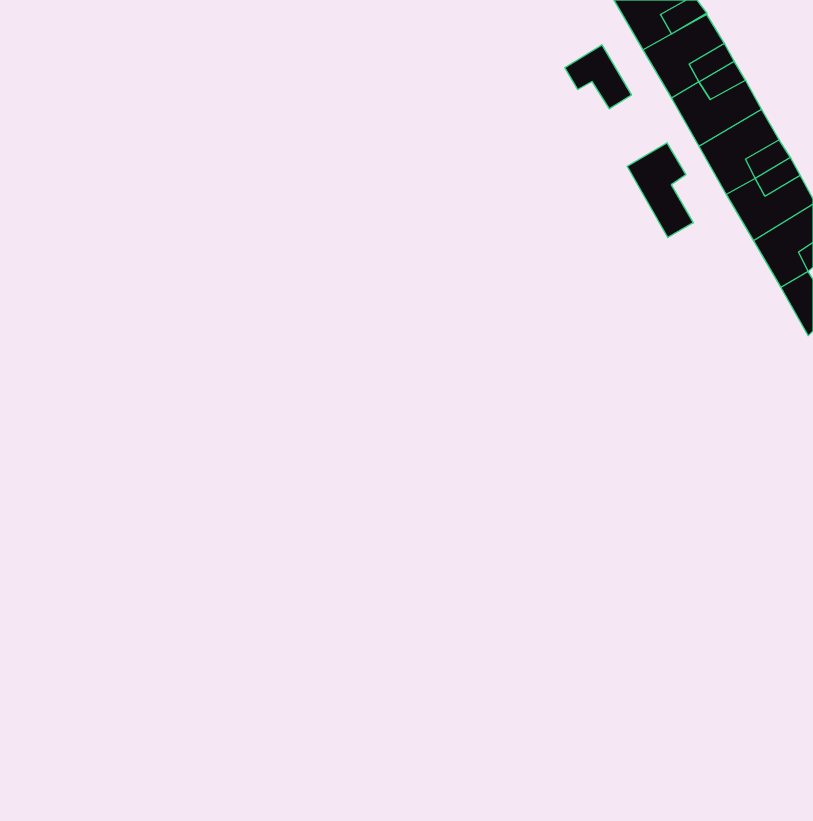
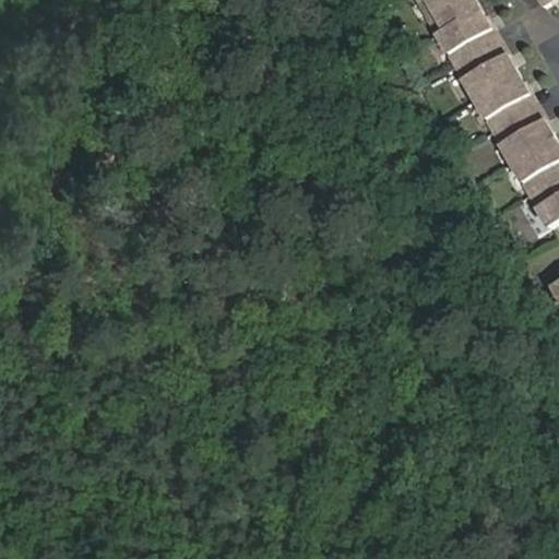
building: [565,45,631,109] -> none
building: [627,143,693,238] -> none

